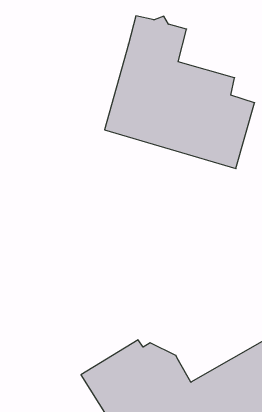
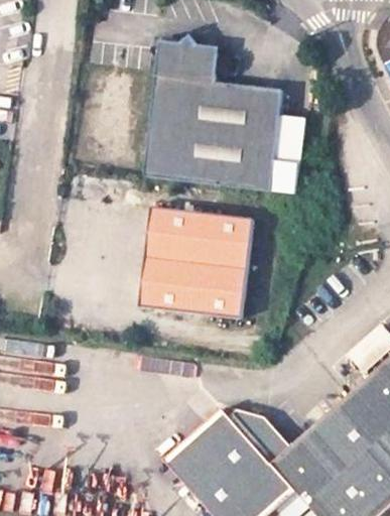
building: none -> [139,206,255,320]

